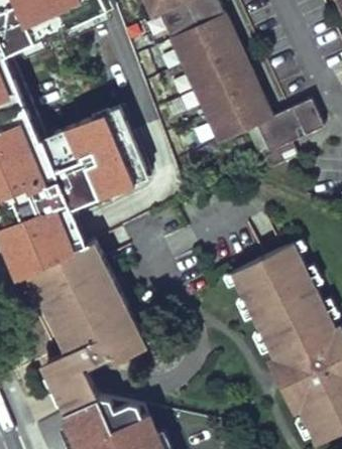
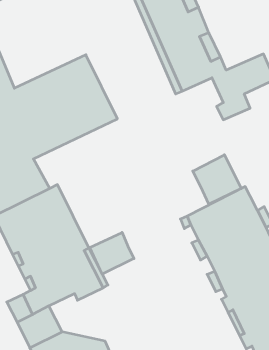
building: none -> [193,155,241,204]
building: none -> [90,232,134,274]

